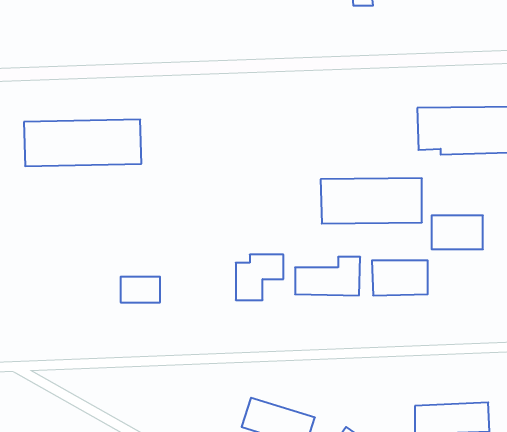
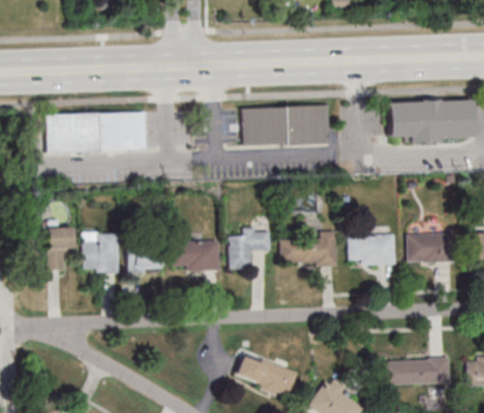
building: [321,178,422,224] -> [240,106,329,145]
building: [432,215,483,249] -> [407,233,452,263]
building: none -> [46,227,73,270]
building: none -> [82,232,119,273]
building: none -> [170,240,220,271]

